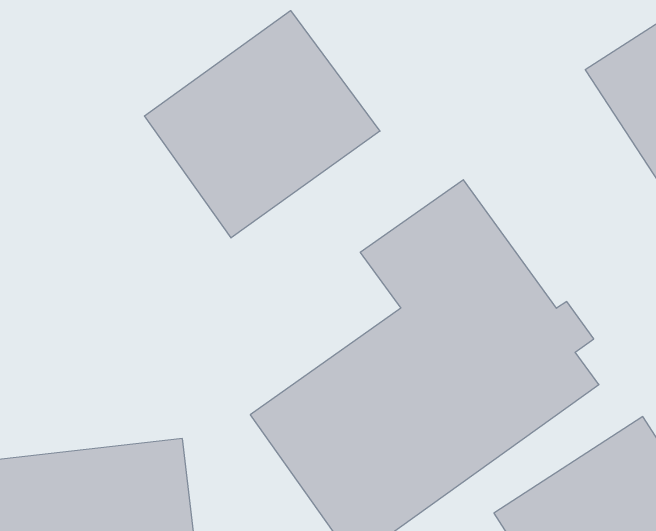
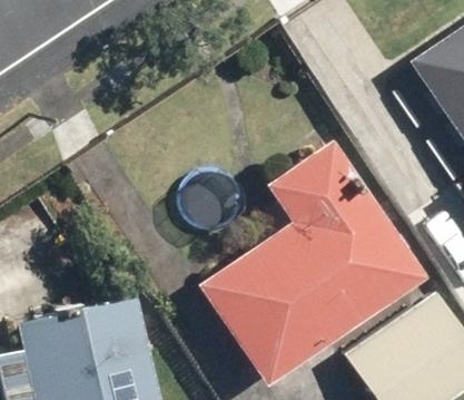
building: [144,11,380,238] -> none

